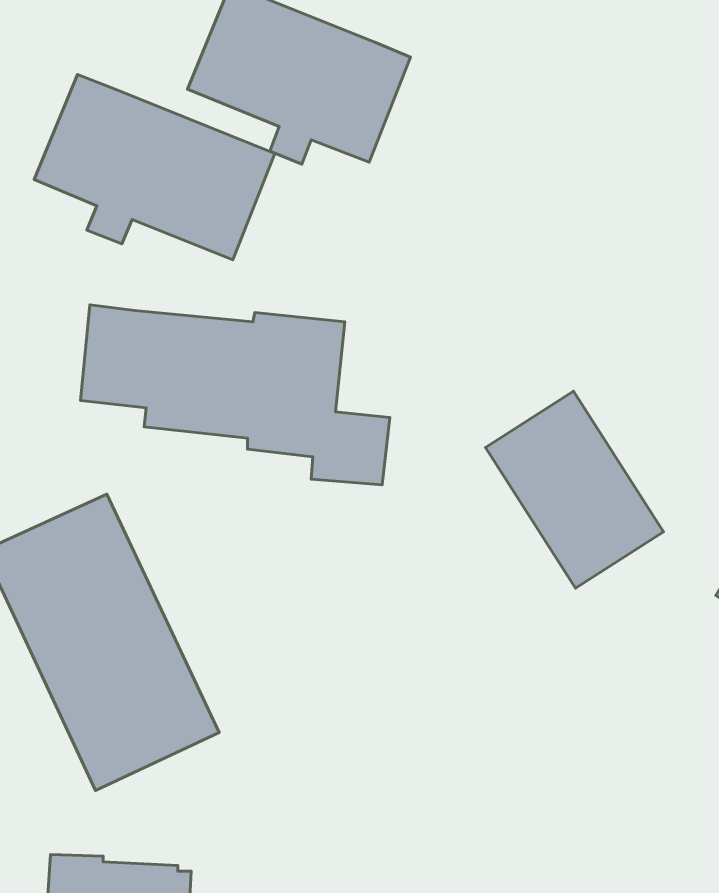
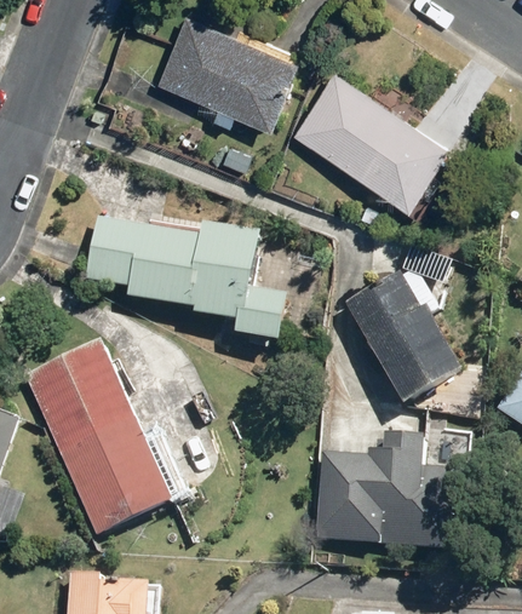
building: none -> [292,71,452,210]
building: [34,74,275,260] -> none
building: none -> [317,430,465,547]

